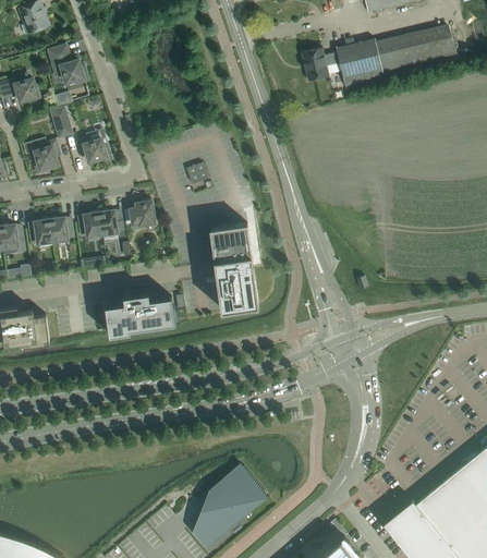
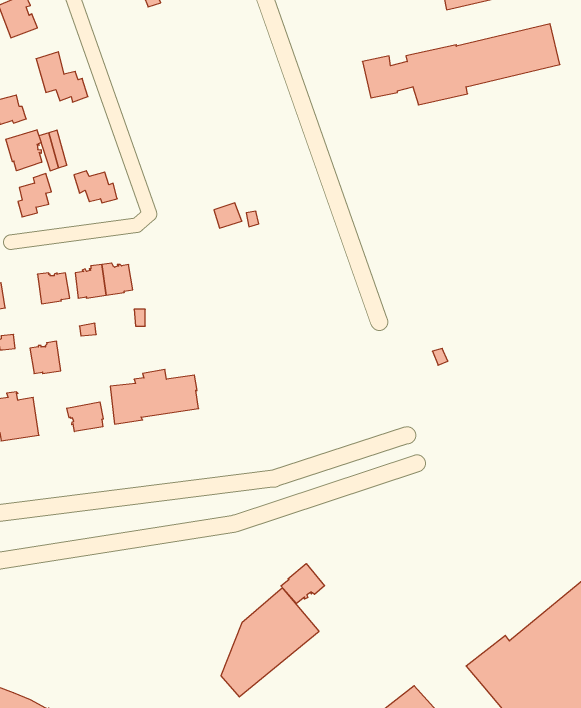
building: none -> [6,130,42,171]
building: [131,199,155,229] -> none
building: [28,218,52,243] -> [30,341,61,374]
building: [210,223,258,310] -> none
building: none -> [67,402,103,432]
building: none -> [281,564,325,603]

